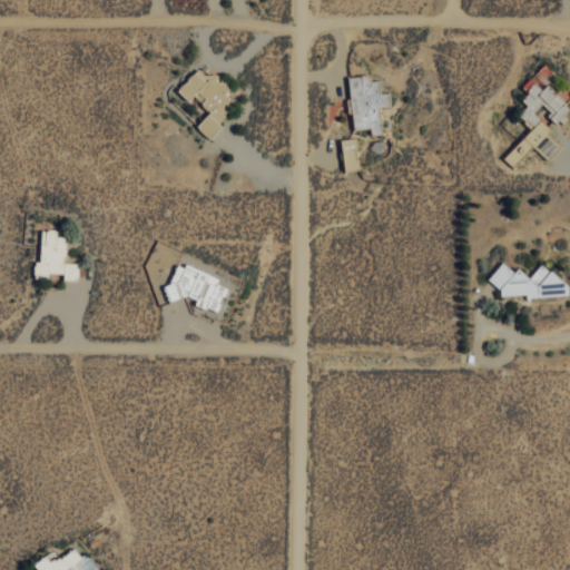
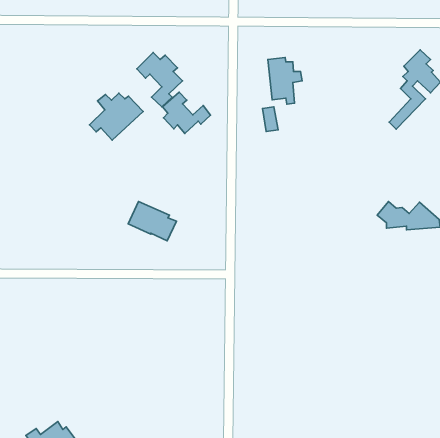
building: none -> [163,92,211,134]
building: none -> [90,93,143,140]
building: [33,230,78,282] -> none

